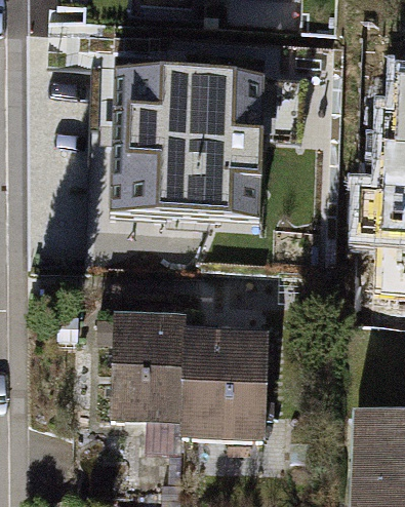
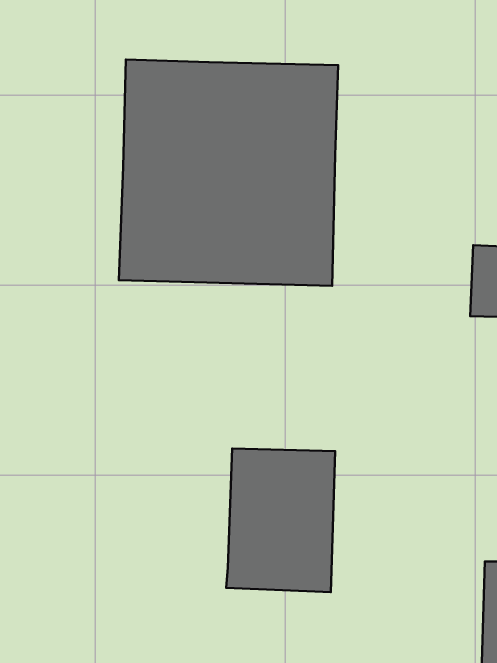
building: [112,319,190,421] -> none

